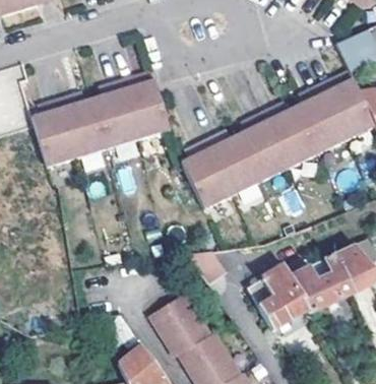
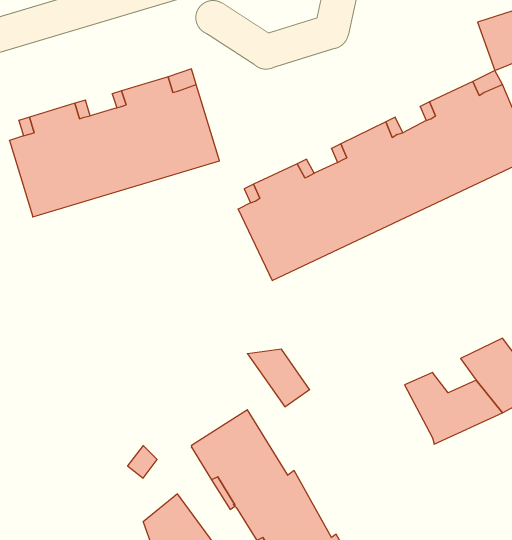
building: [245,265,308,331] -> none

